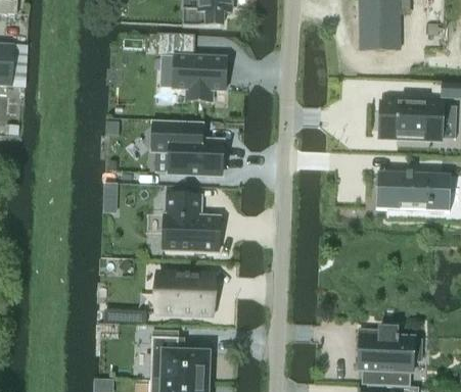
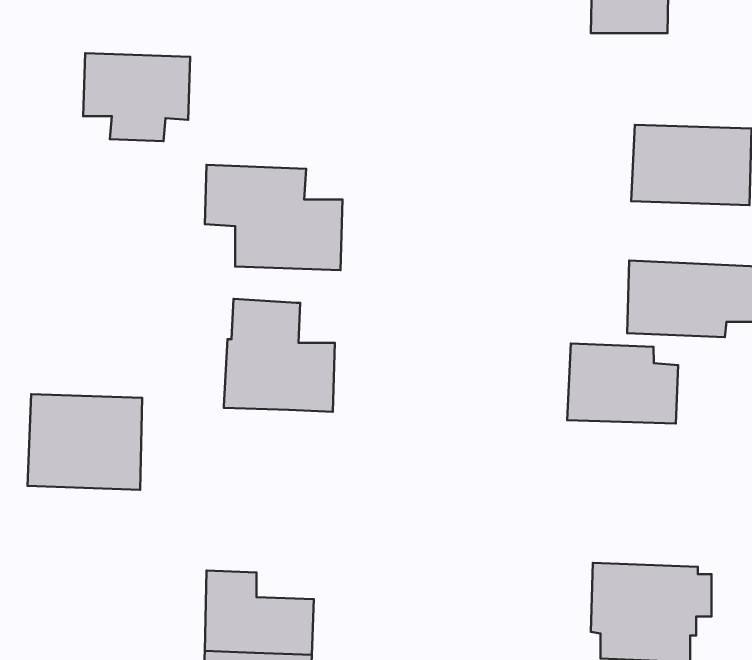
building: [171,55,228,102] -> [83,53,190,141]
building: none -> [567,344,678,424]
building: [154,268,216,320] -> [27,394,142,490]

